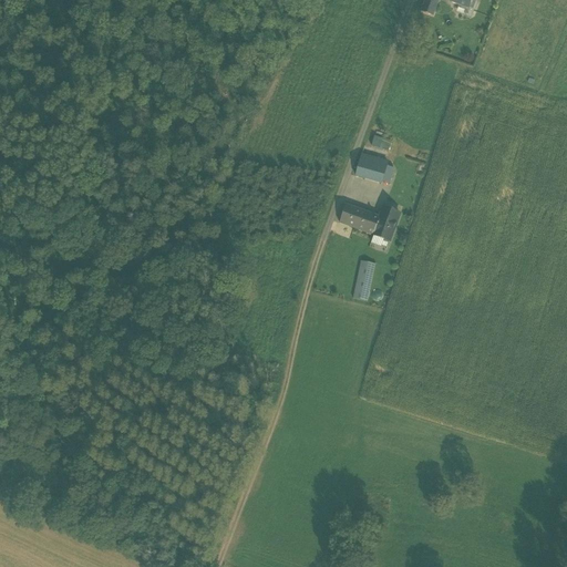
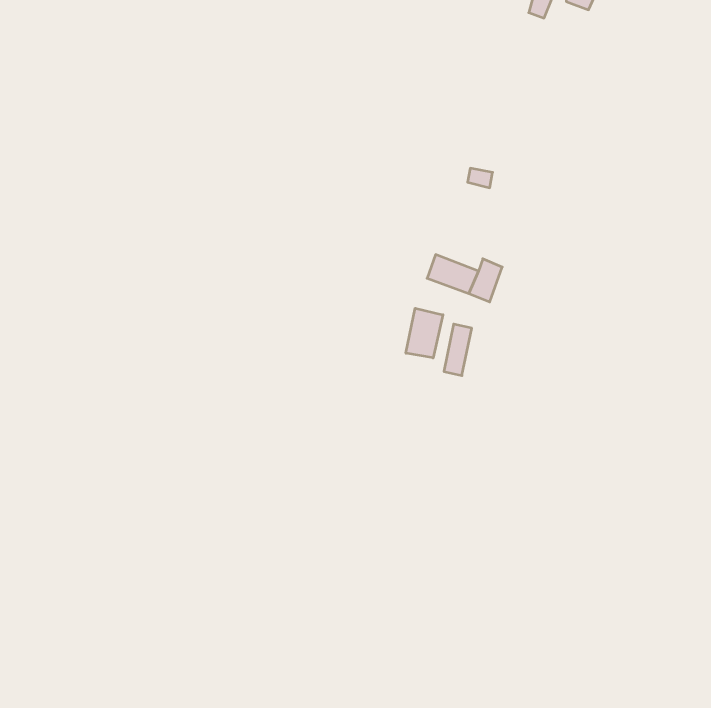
building: [355,154,388,182] -> none
building: none -> [406,308,443,358]

